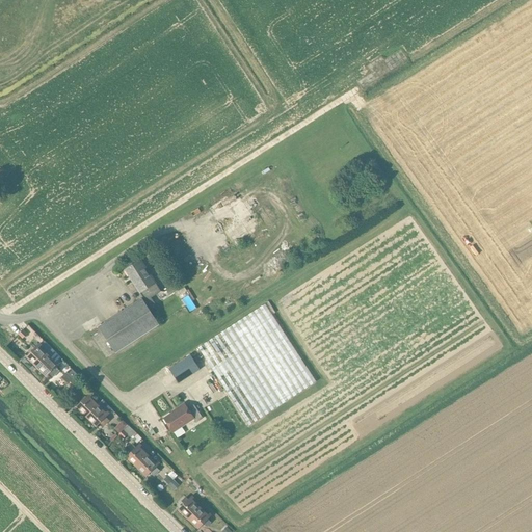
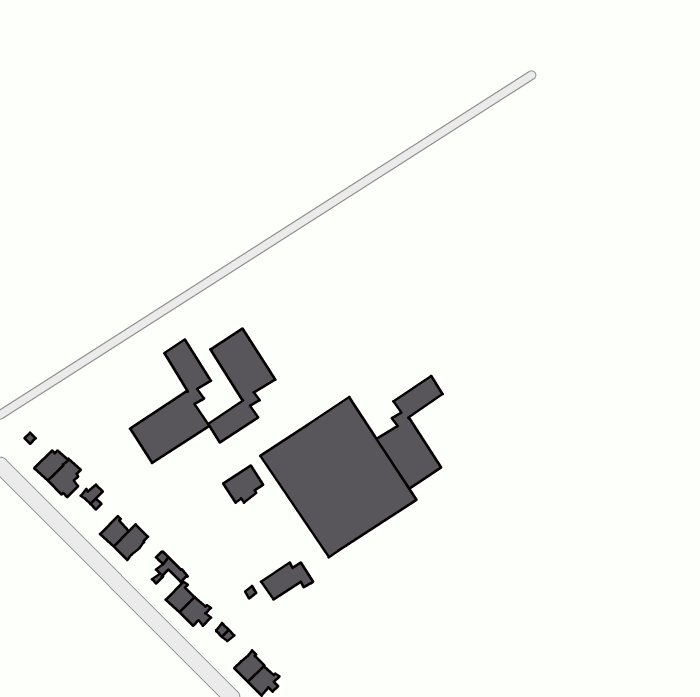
building: none -> [208,329,275,442]
building: none -> [377,376,443,488]
building: [163,402,203,430] -> [261,563,313,599]

